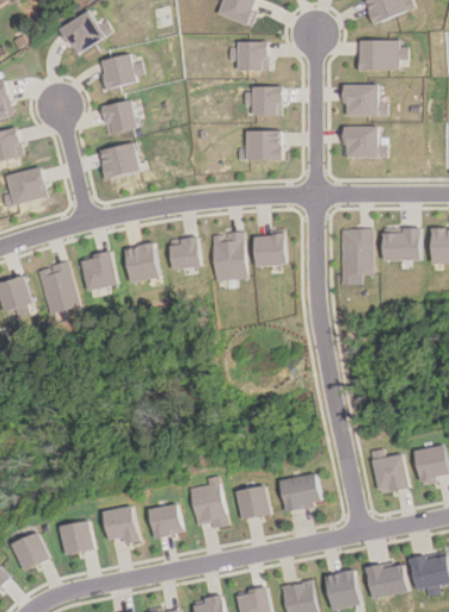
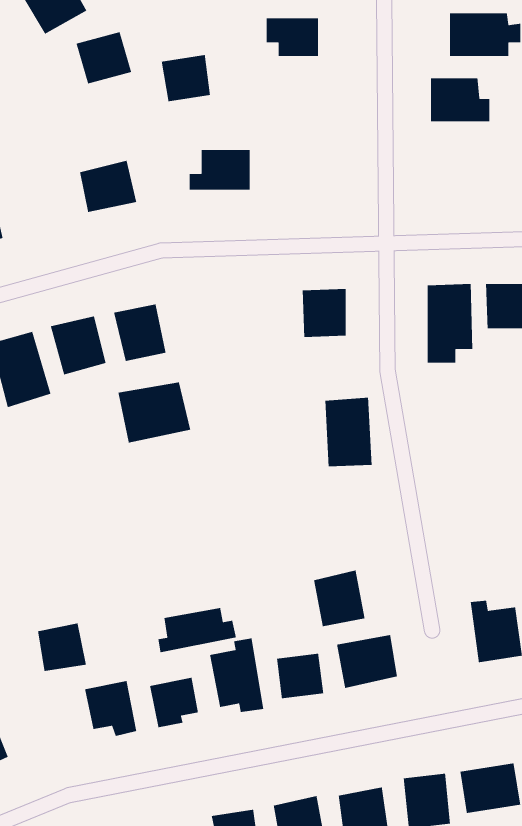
building: [245,86,283,116] -> none
building: [100,100,135,134] -> [161,54,211,102]
building: [343,127,387,159] -> none
building: [239,131,282,160] -> [189,149,250,190]
building: [213,232,246,281] -> [324,397,372,467]
building: [168,235,202,270] -> none
building: none -> [118,381,191,444]
building: none -> [313,569,365,627]
building: none -> [157,607,237,653]
building: [61,520,96,555] -> [37,622,87,672]

